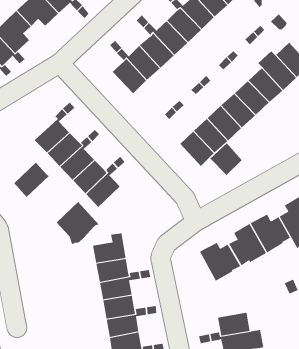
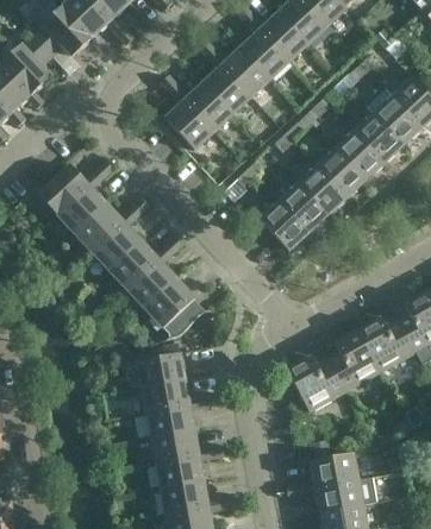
building: [210,142,243,176] -> none
building: [14,162,50,198] -> [38,164,88,214]
building: [56,201,100,245] -> [145,278,206,339]

